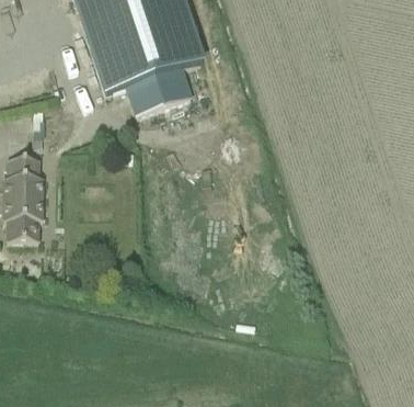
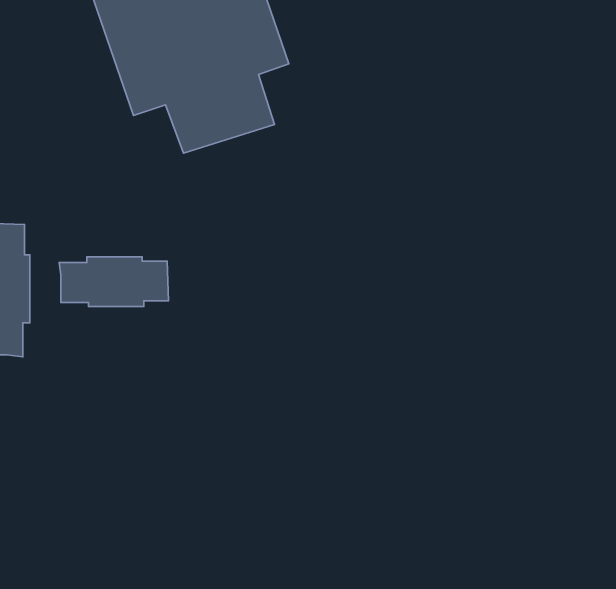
building: none -> [59,257,169,306]

